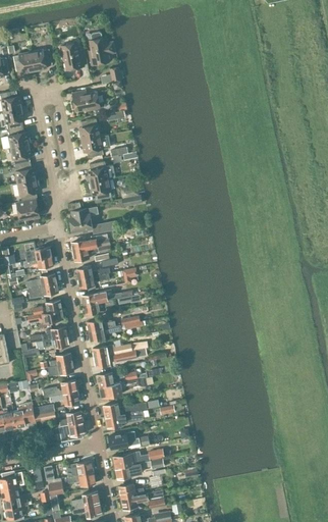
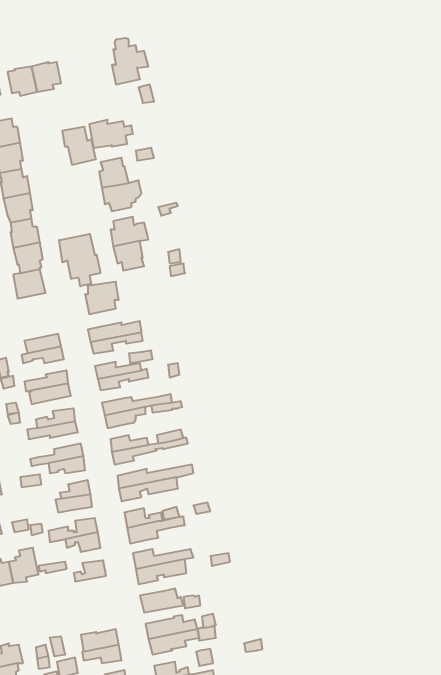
building: [59,44,84,71] -> [62,127,96,165]
building: none -> [59,234,100,286]
building: [58,422,86,442] -> none

